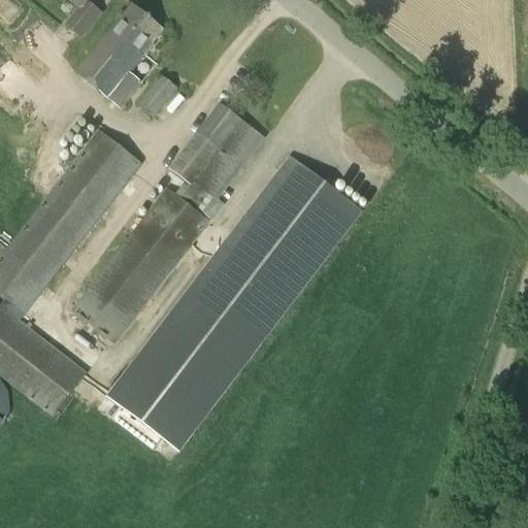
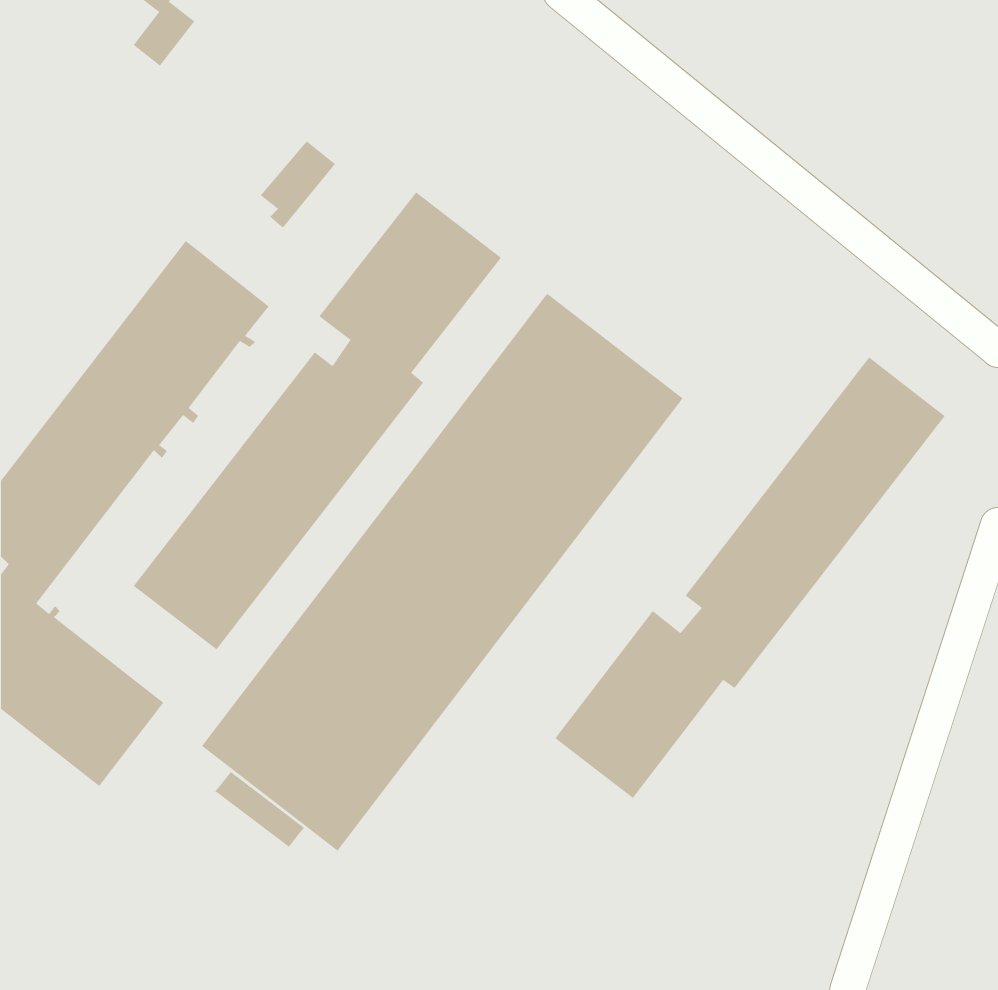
building: [78,4,162,106] -> none
building: none -> [554,357,945,799]

